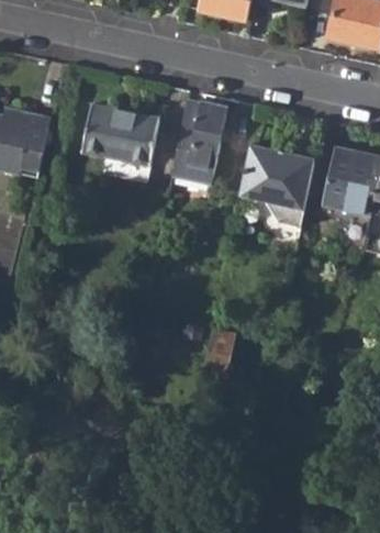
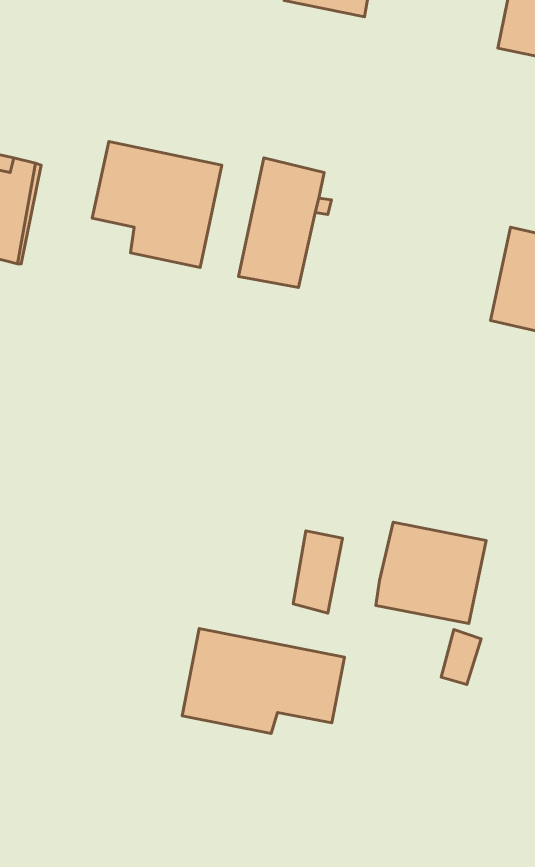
building: [237,145,313,227] -> none
building: none -> [376,522,486,624]
building: none -> [182,628,345,734]

